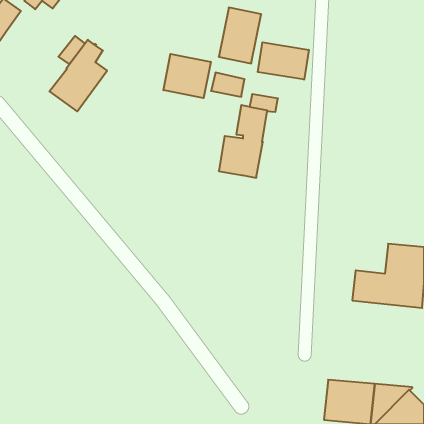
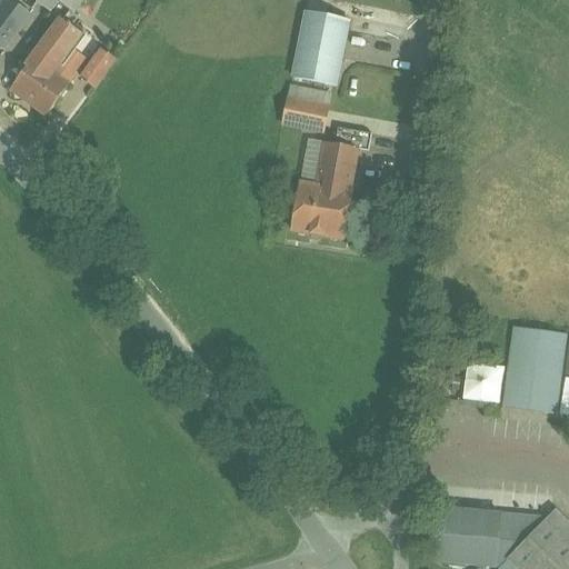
building: [49,40,107,111] -> [8,17,84,112]
building: [258,42,309,80] -> none
building: [163,54,211,98] -> none

